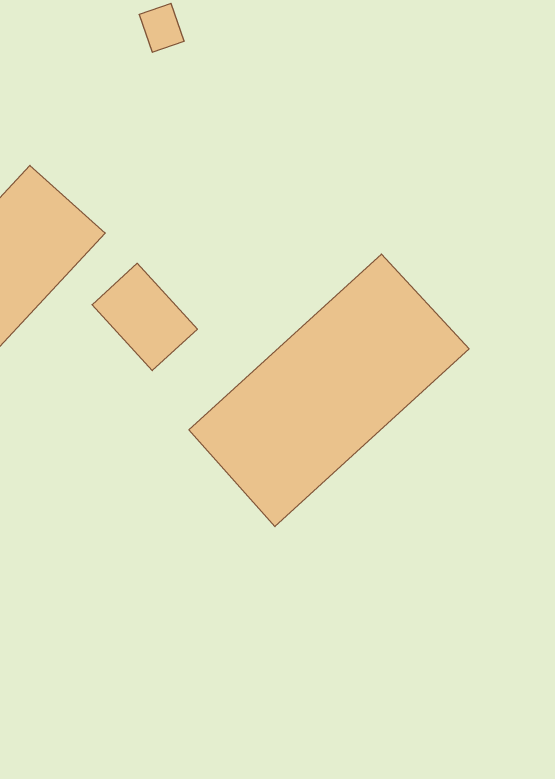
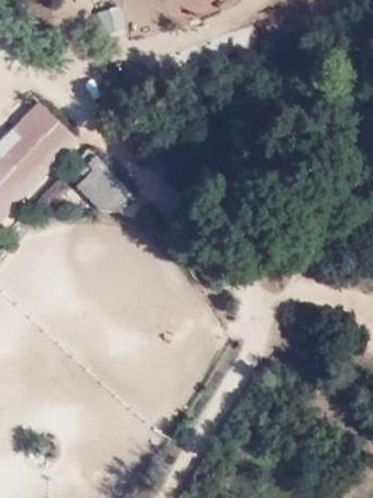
building: [189,254,469,527] -> none

